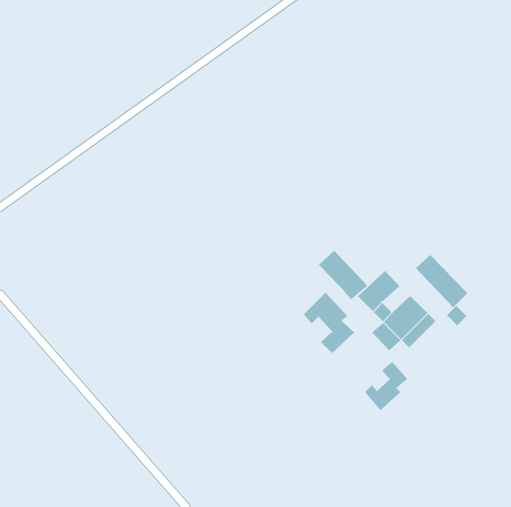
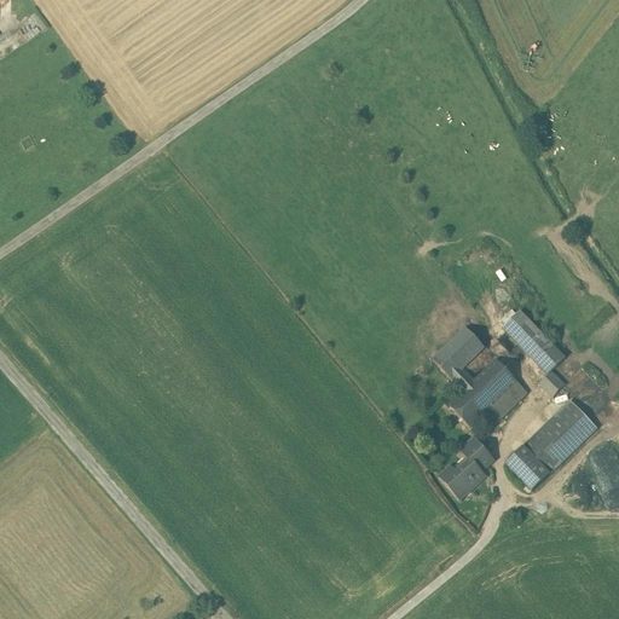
building: [318,250,368,300] -> none
building: [303,292,355,354] -> none
building: none -> [507,399,598,488]

